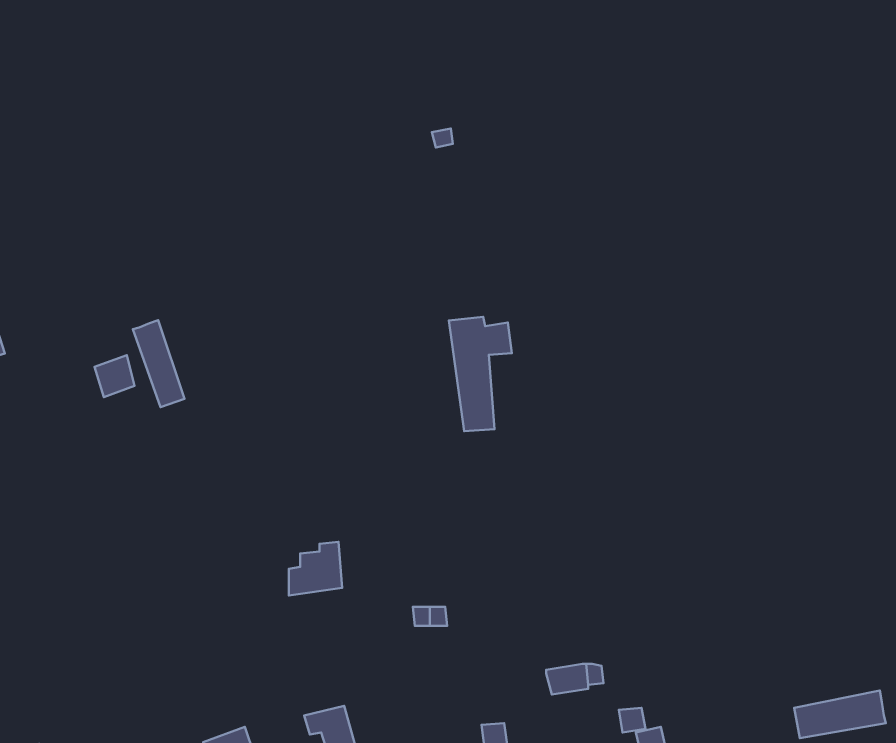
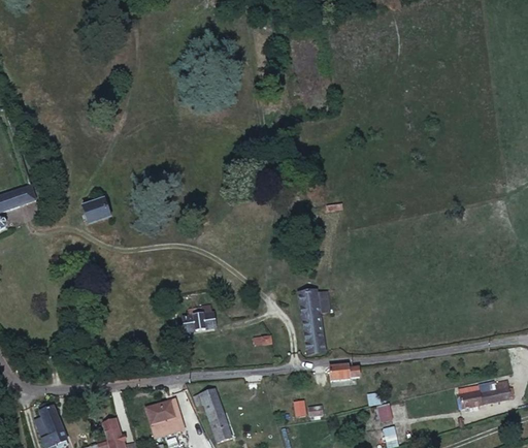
building: [449,317,512,431] -> [298,290,332,352]
building: [133,320,185,407] -> none

